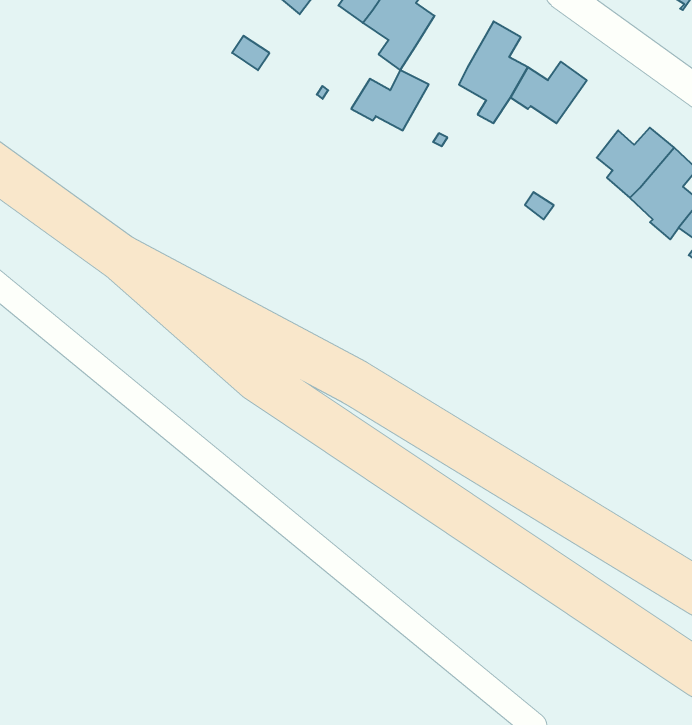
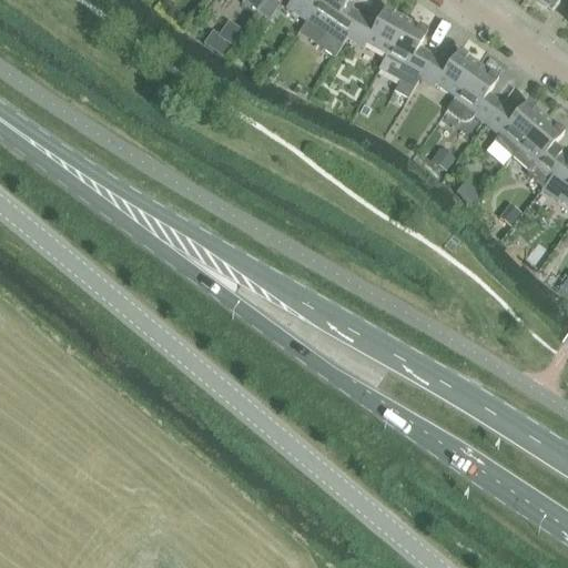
building: [351,70,429,130] -> [346,6,406,52]
building: none -> [446,62,503,122]

